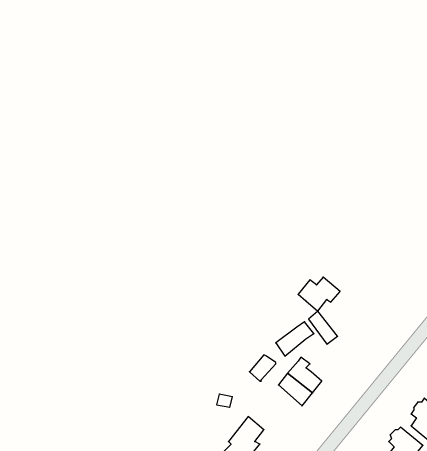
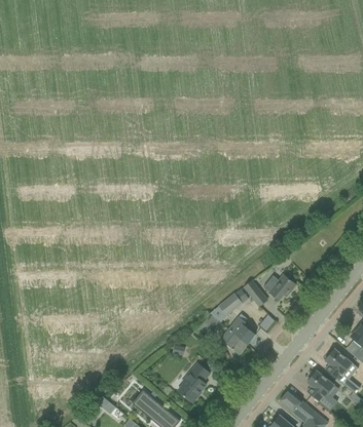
building: [298,277,340,311] -> [263,273,296,300]

